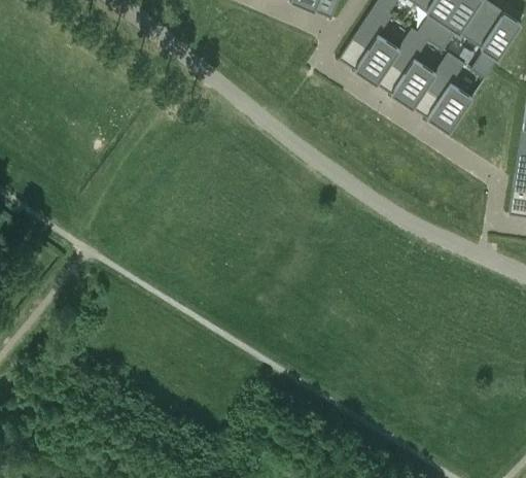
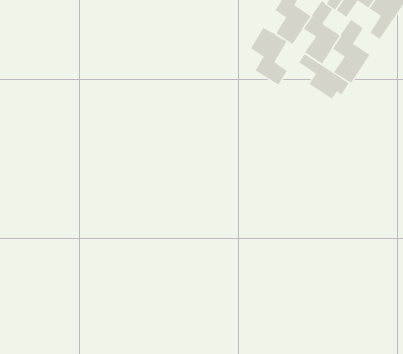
building: none -> [250,27,288,86]
building: none -> [298,53,349,102]

